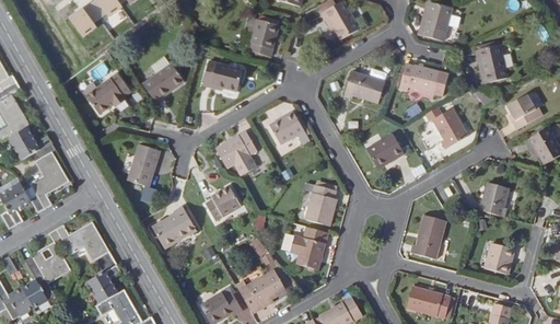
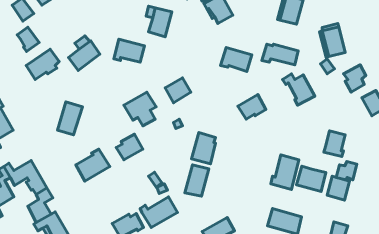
building: none -> [17,27,39,51]
building: none -> [336,162,357,180]
building: none -> [297,166,326,192]

